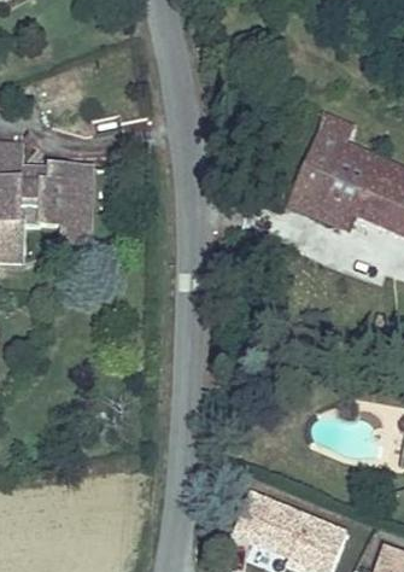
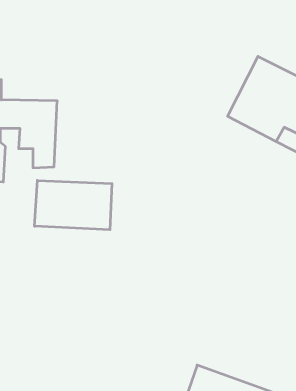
building: none -> [35,180,112,230]

